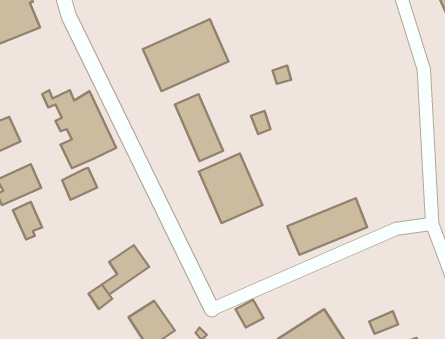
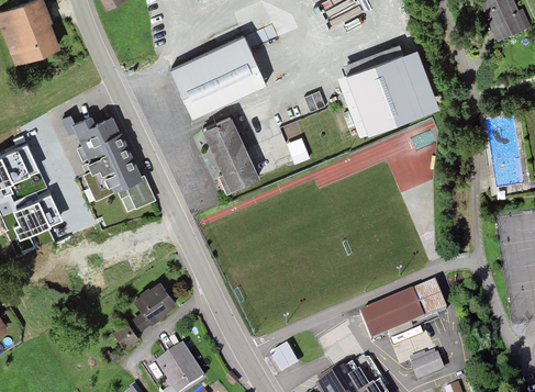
building: none -> [338,54,435,136]
building: [199,153,262,223] -> none
building: [62,168,97,200] -> [119,176,156,210]
building: [287,198,367,255] -> [360,278,446,338]
building: [13,202,42,240] -> none

